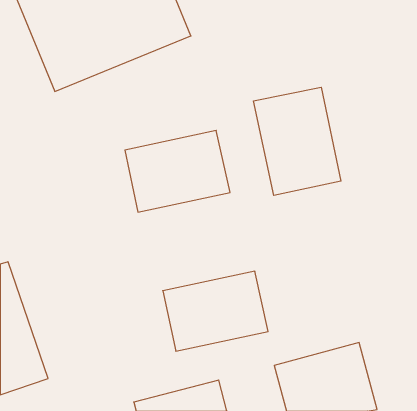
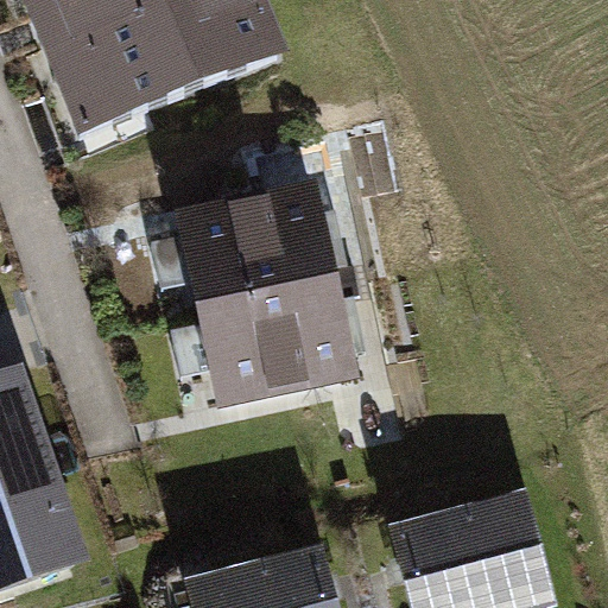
building: [254,87,341,195] -> none
building: [163,271,268,351] -> [201,280,354,397]

